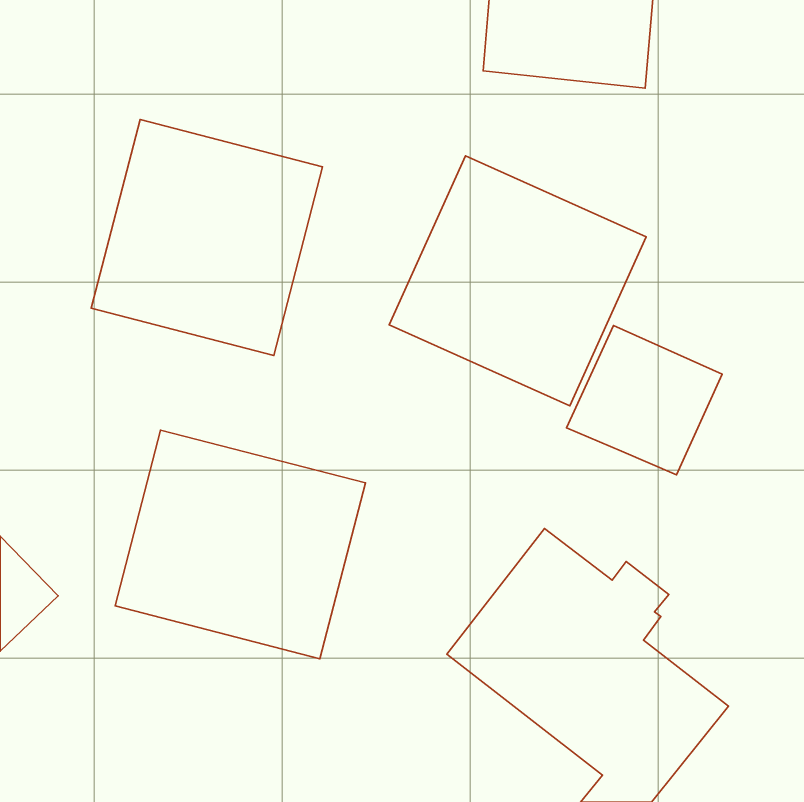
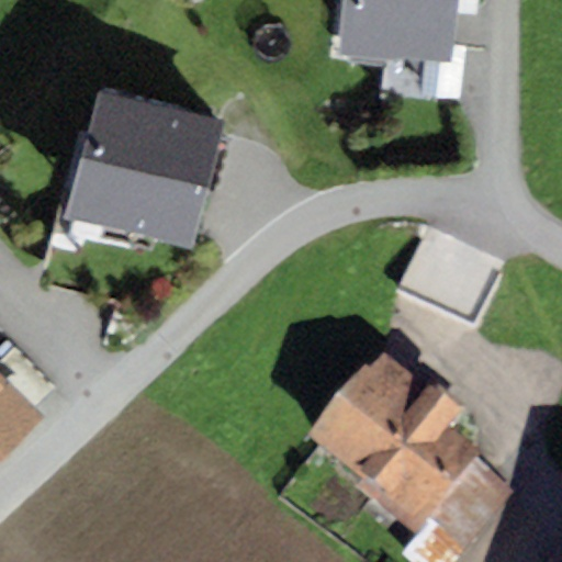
building: [389,156,646,406] -> none
building: [115,430,365,659] -> none

